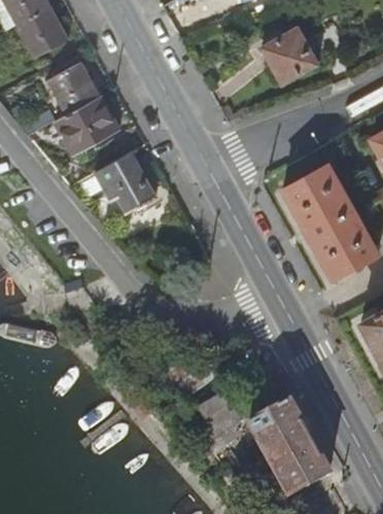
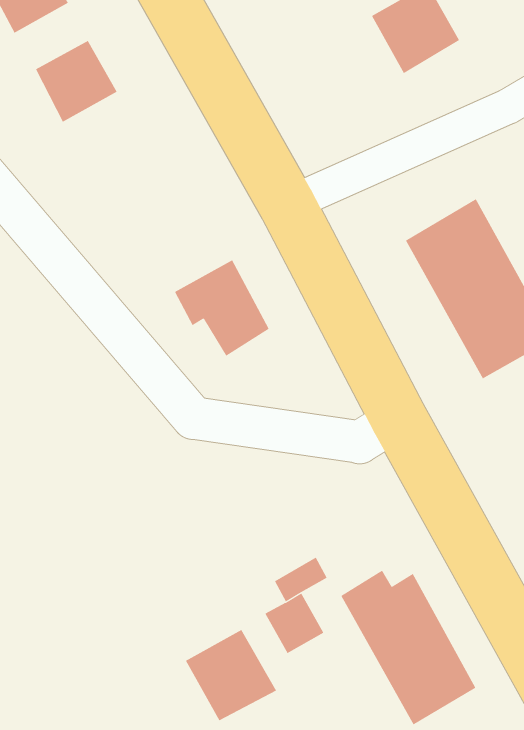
building: [56,95,117,155] -> none
building: [94,151,154,213] -> [174,260,270,356]
building: none -> [185,629,277,721]

